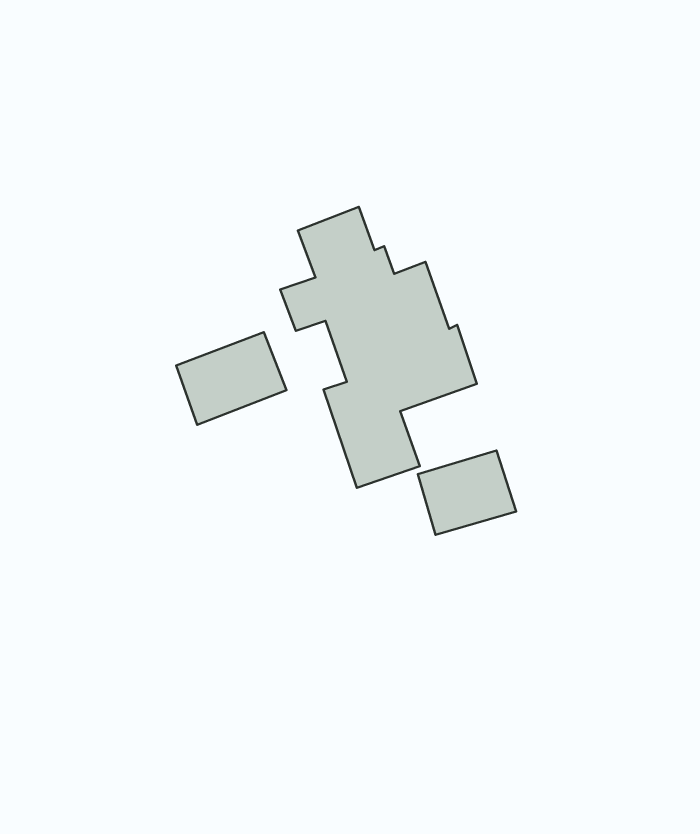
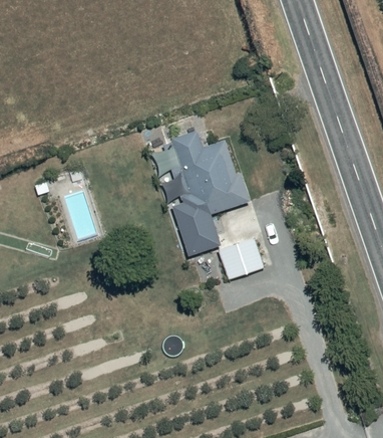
building: [176,332,286,425] -> none

